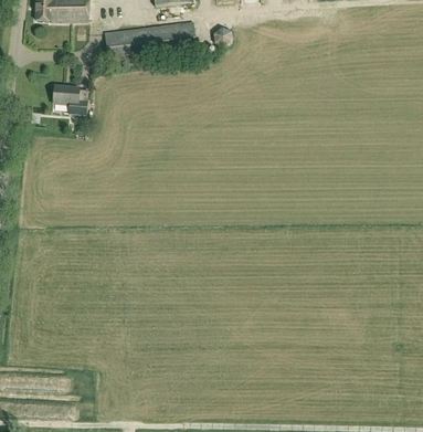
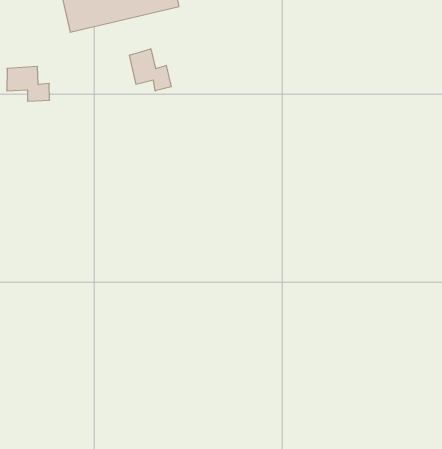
building: none -> [130,49,171,91]

